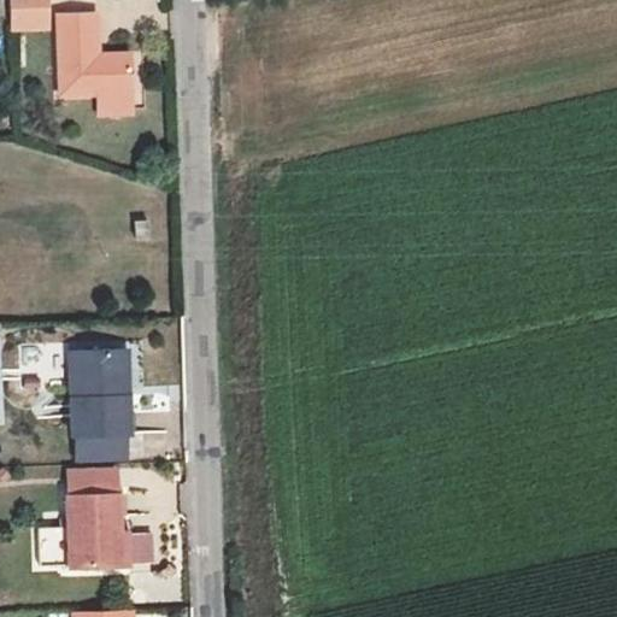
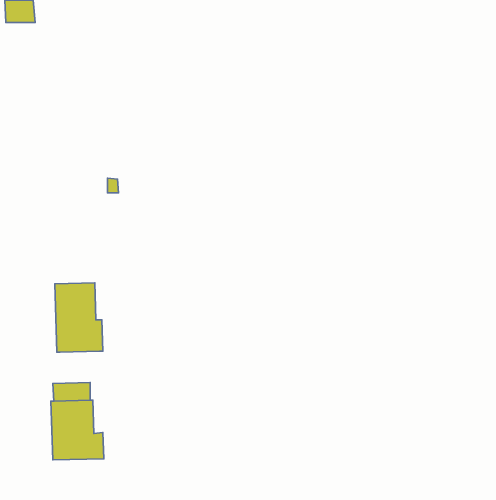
building: [58,13,133,95] -> none
building: [78,433,128,459] -> none

